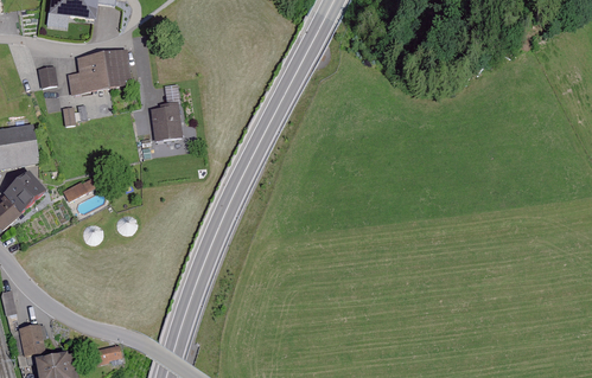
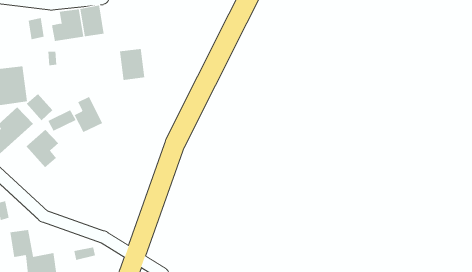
building: none -> [26,93,53,121]
building: none -> [74,96,103,133]
building: none -> [25,129,59,168]

